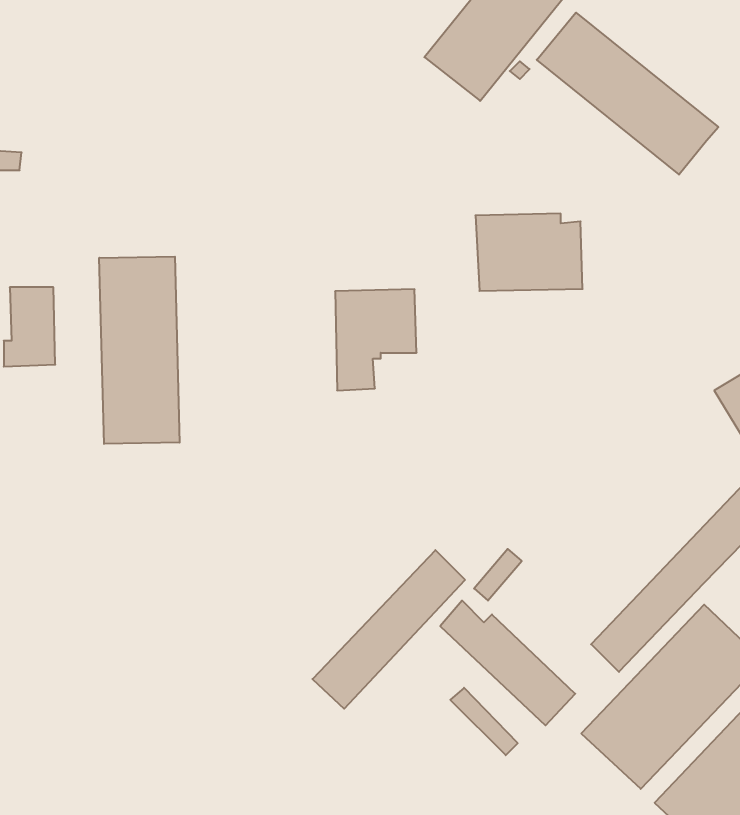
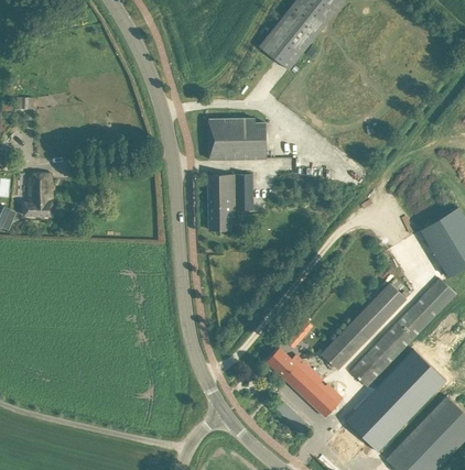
building: [537,13,718,175] -> none
building: [475,214,583,291] -> [207,118,267,161]
building: [99,257,180,444] -> none
building: [312,550,465,709] -> [321,283,405,371]

